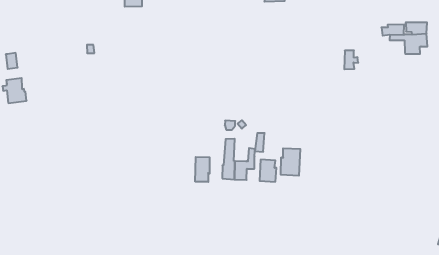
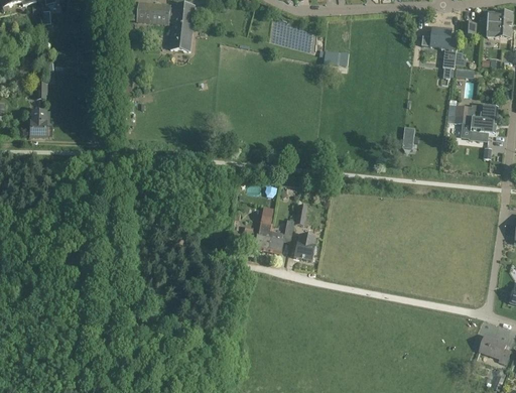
building: [281,148,300,176] -> none
building: [195,157,210,182] -> none

